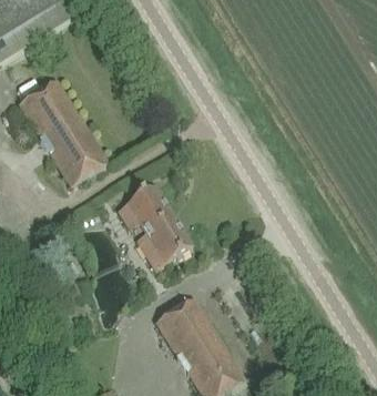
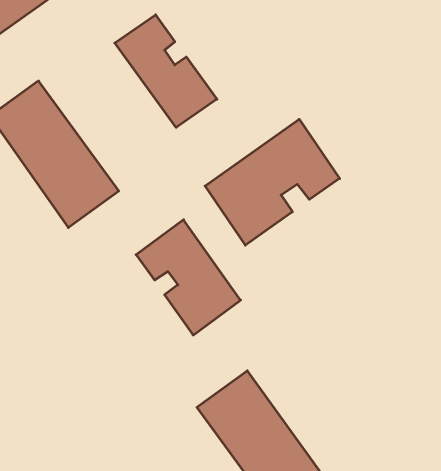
building: none -> [115,15,217,127]
building: none -> [205,119,340,245]

